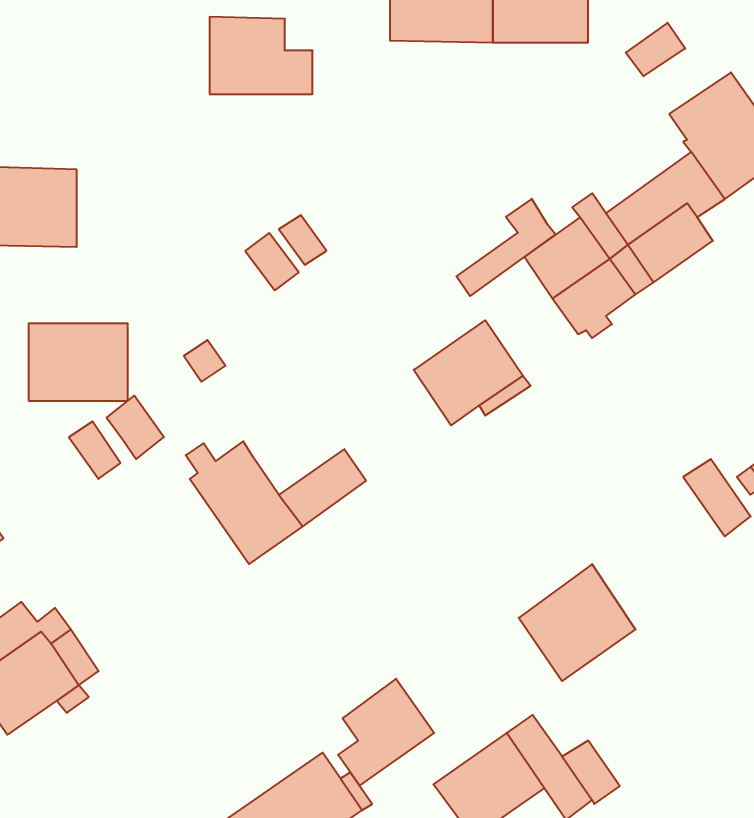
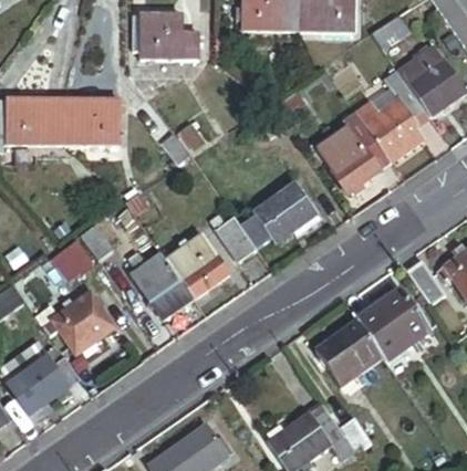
building: [456,199,555,296] -> [355,70,411,124]
building: [29,323,128,401] -> [68,100,123,143]
building: none -> [217,218,261,266]
building: none -> [166,234,217,281]
building: none -> [355,289,429,362]
building: none -> [45,293,115,354]
building: [338,679,434,785] -> none

